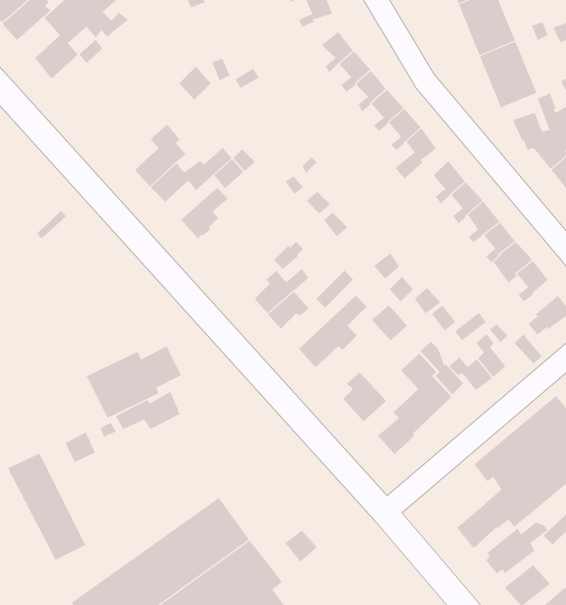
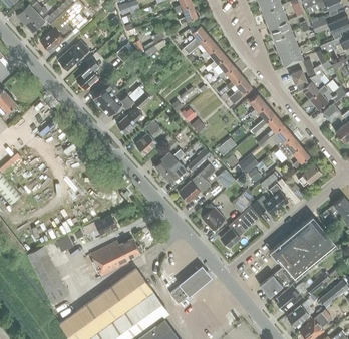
building: none -> [57,40,88,70]
building: none -> [75,58,100,89]
building: none -> [134,119,159,154]
building: [86,345,182,419] -> [90,237,140,275]
building: none -> [179,263,212,293]

